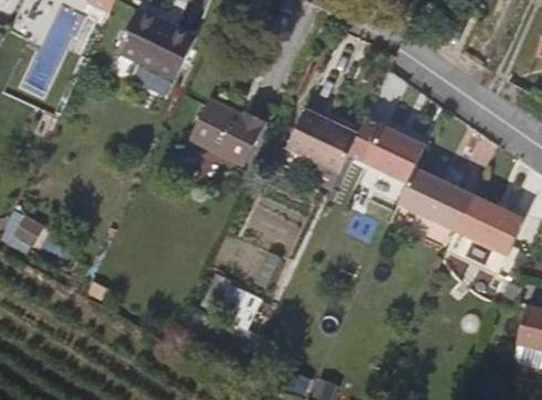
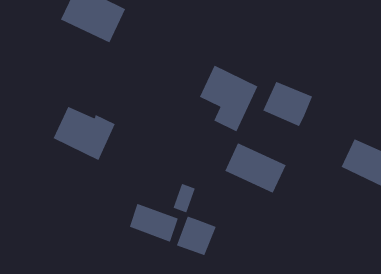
building: [191,101,268,169] -> [52,106,116,161]
building: [398,169,474,231] -> [224,142,287,194]
building: none -> [176,215,217,256]

